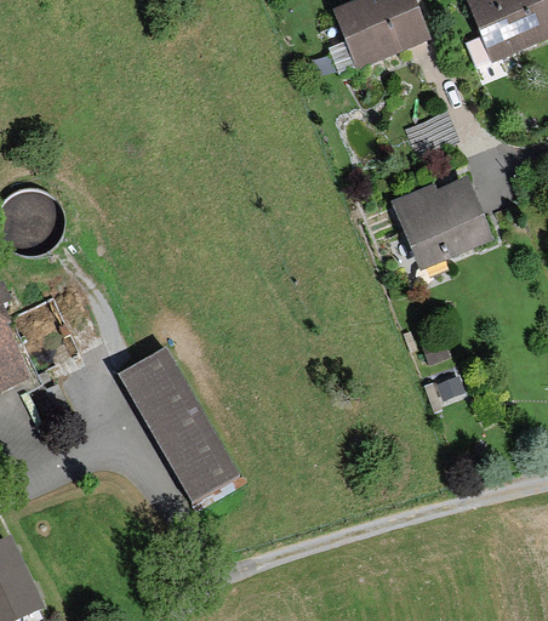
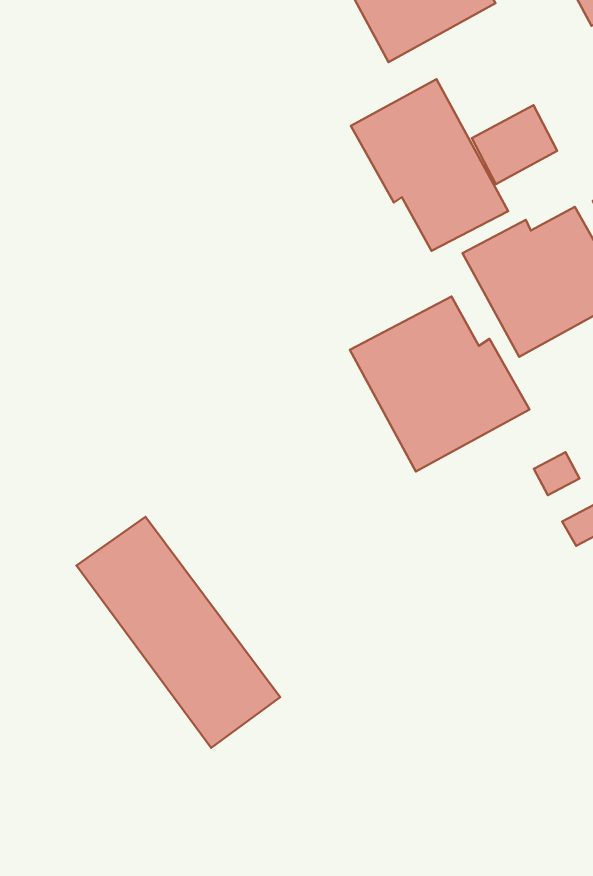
building: none -> [351,79,508,251]
building: none -> [350,296,529,471]

